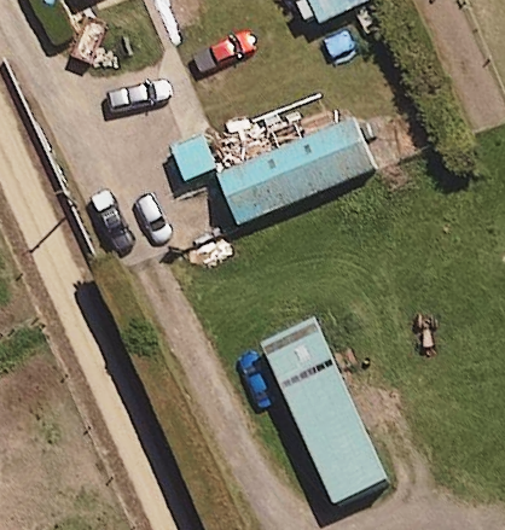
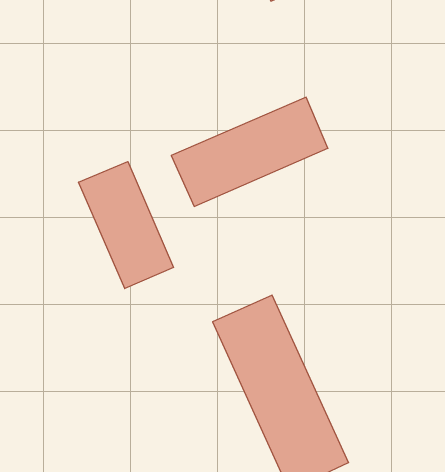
building: none -> [79,162,173,289]

